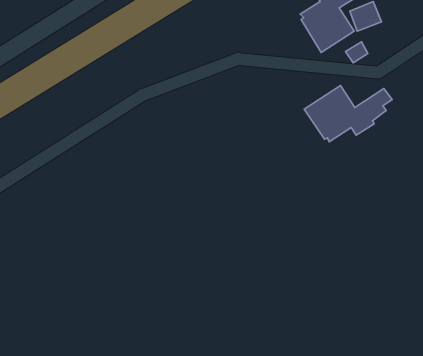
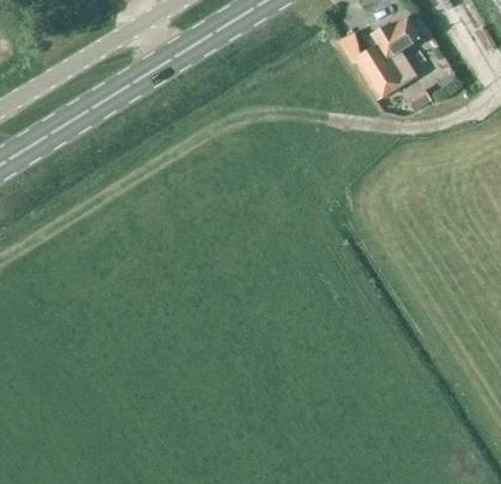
building: [304,86,392,142] -> none

